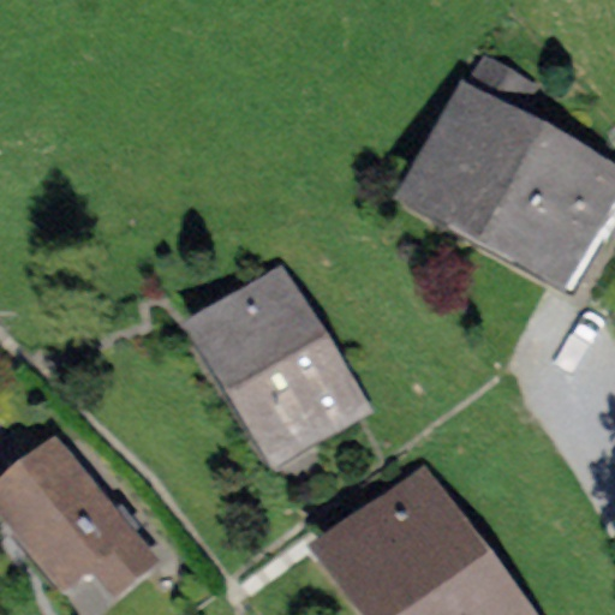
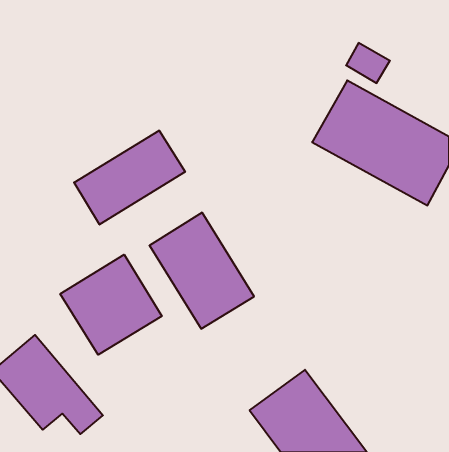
building: none -> [74,130,185,225]
building: none -> [60,255,162,355]

